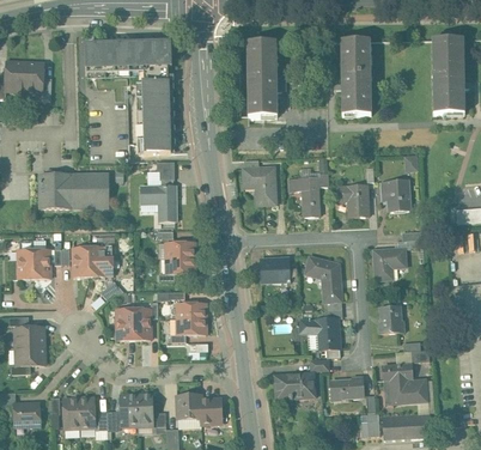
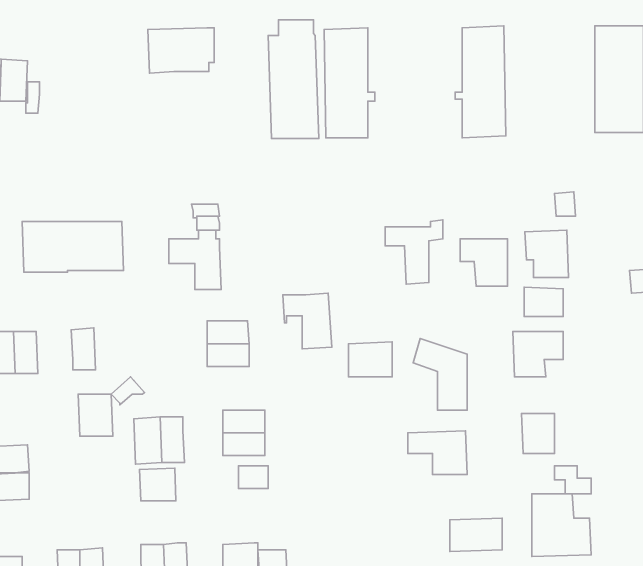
building: [85,42,127,73] -> none
building: [136,71,171,152] -> [268,20,319,138]
building: [243,166,276,205] -> [283,293,332,349]
building: none -> [524,287,563,316]
building: [89,247,112,275] -> [78,394,113,436]
building: none -> [140,468,176,501]
building: [275,358,331,397] -> none

